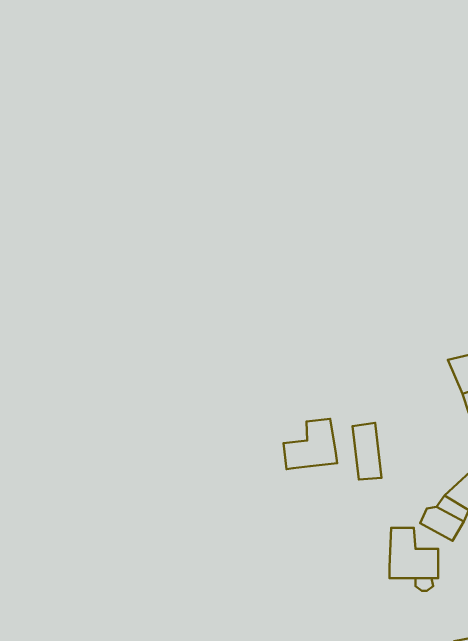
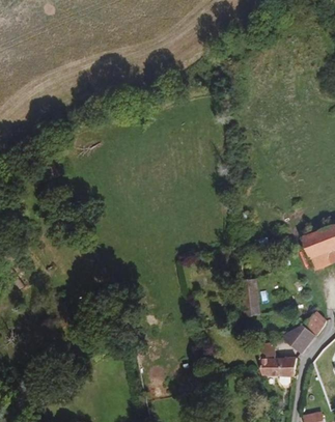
building: [284,419,337,469] -> none

